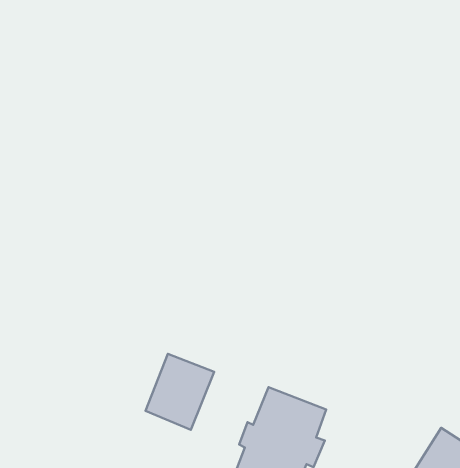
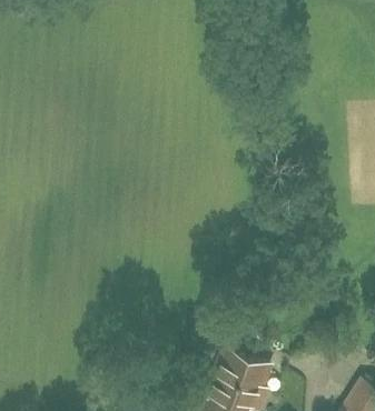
building: [146,354,214,430] -> none

